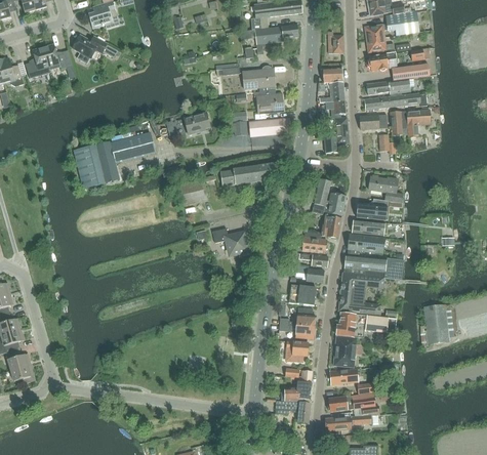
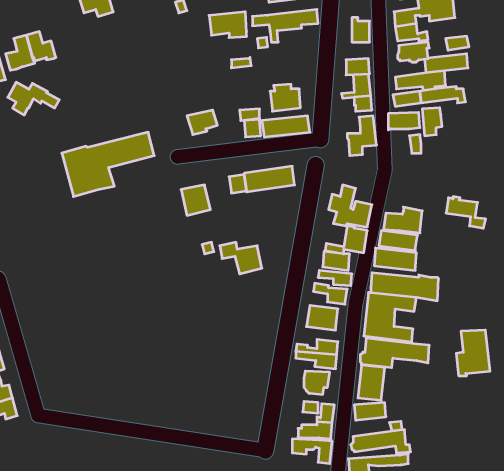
building: [72,35,117,64] -> [8,82,59,115]
building: [241,69,274,91] -> [209,12,247,38]
building: [405,109,430,136] -> none
building: [367,175,402,203] -> [446,197,486,228]

